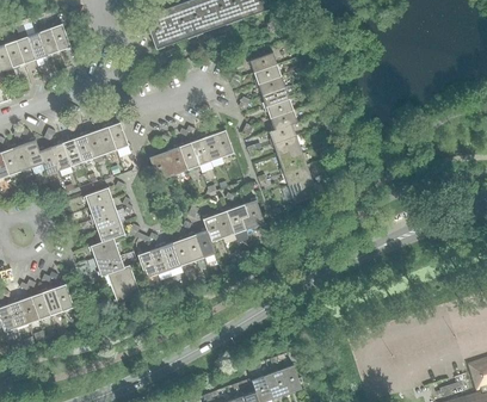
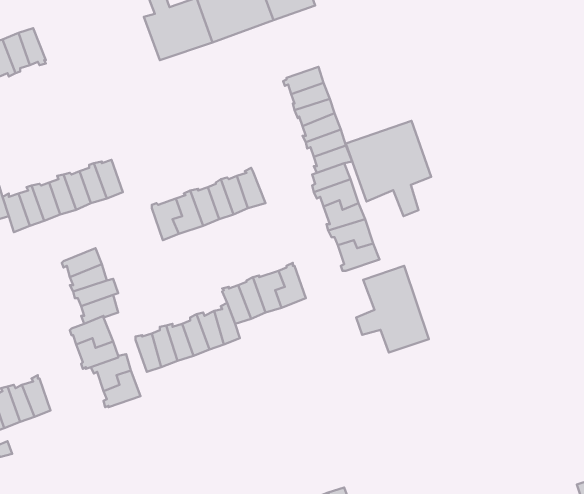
building: none -> [346,121,431,216]
building: none -> [356,266,429,352]

